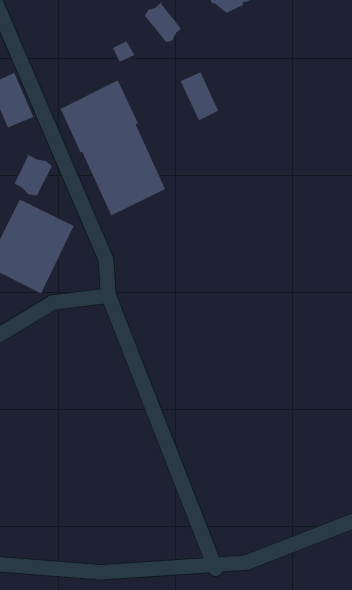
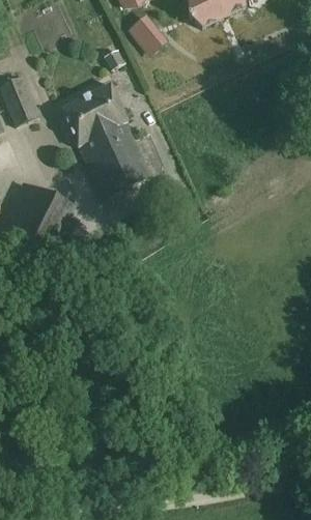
building: [180,72,219,121] -> none
building: [11,152,52,196] -> none

